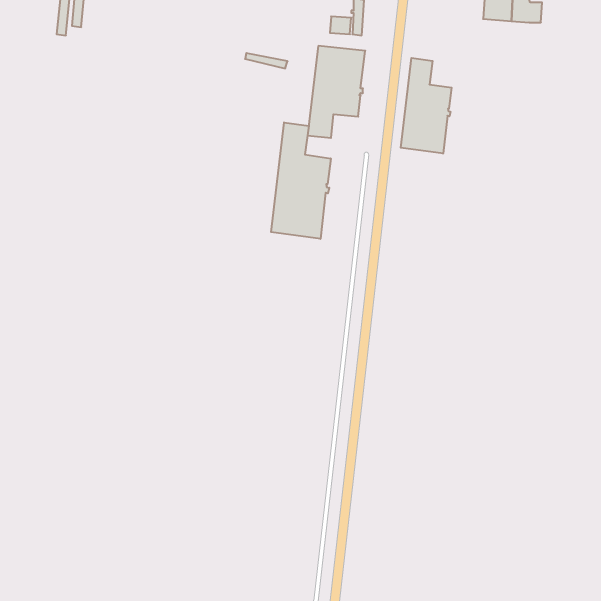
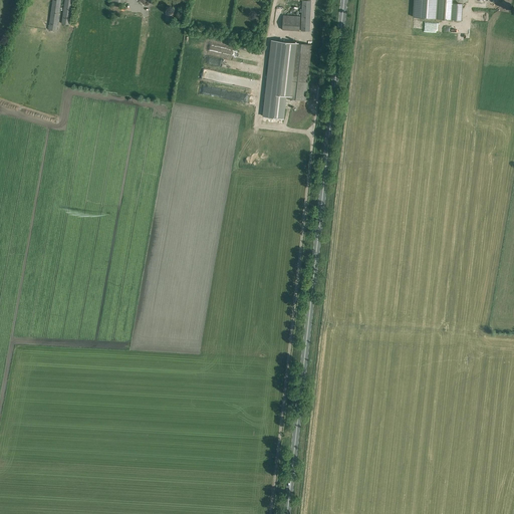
building: [401,58,452,154] -> none
building: [271,122,331,239] -> none

